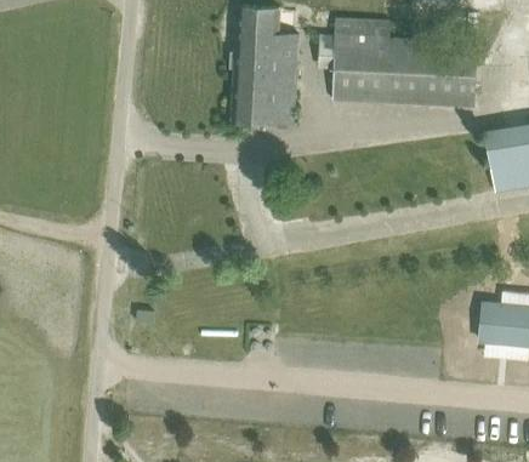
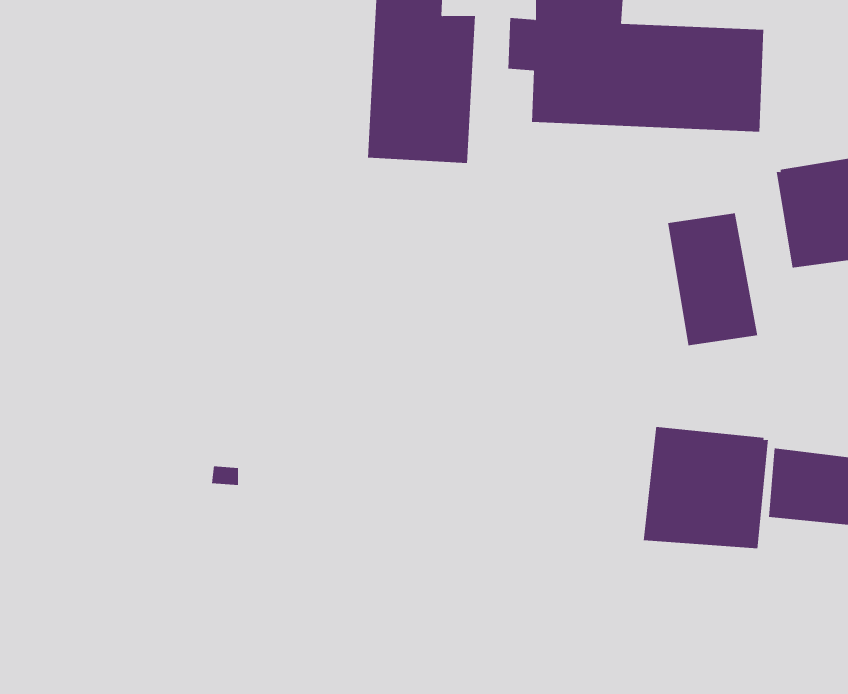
building: none -> [668,212,758,346]
building: none -> [643,426,769,549]

